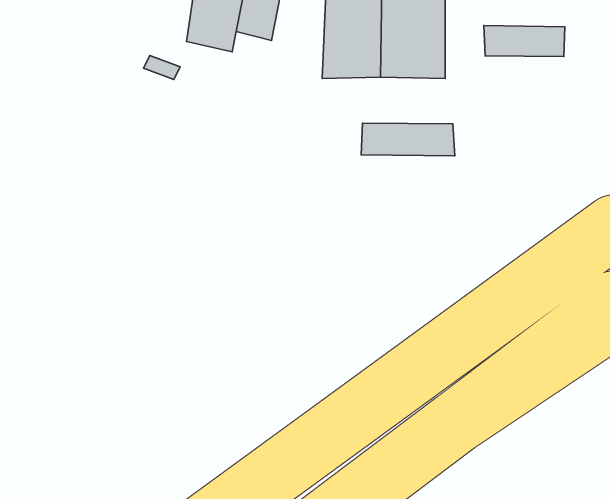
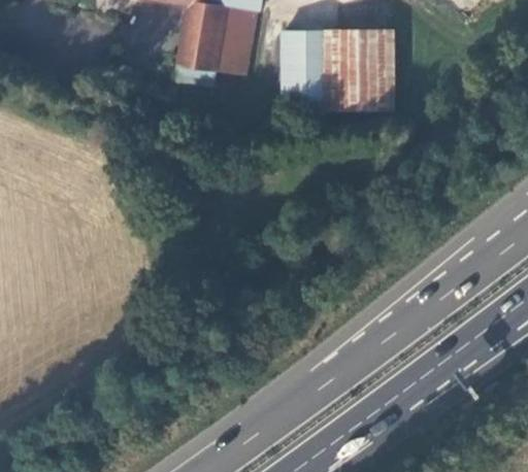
building: [484,26,565,56] -> none
building: [361,123,455,156] -> none

